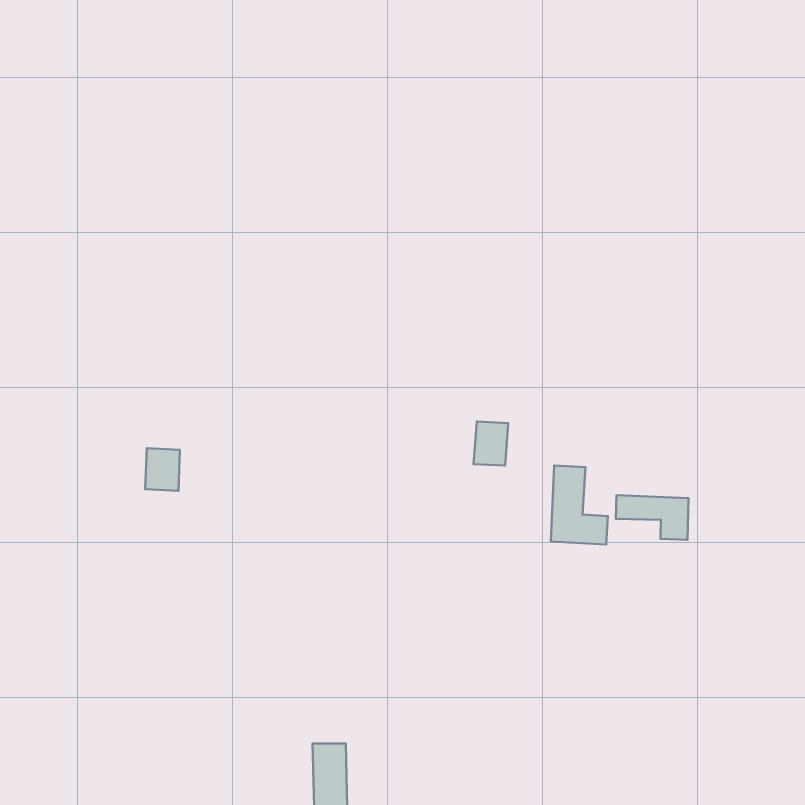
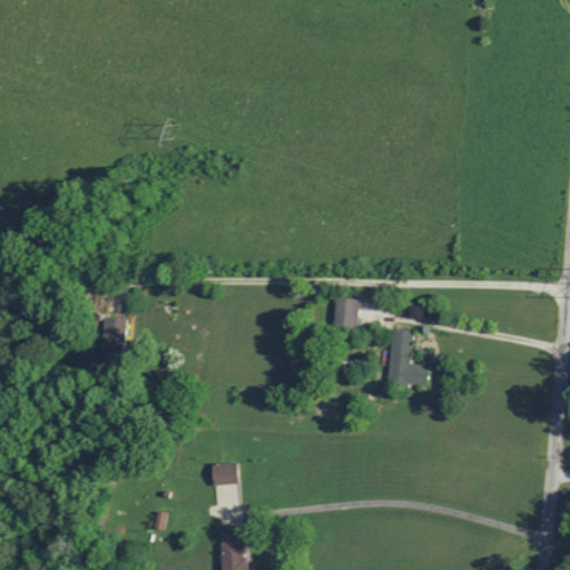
building: [616,495,688,540] -> none
building: none -> [212,462,239,487]

